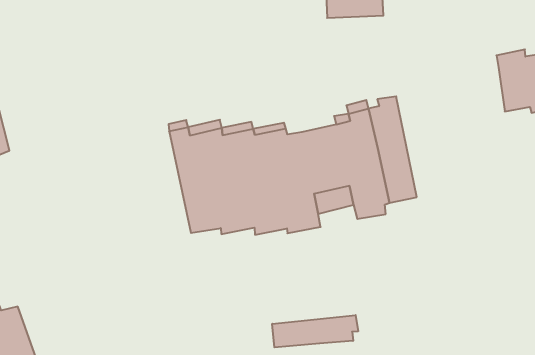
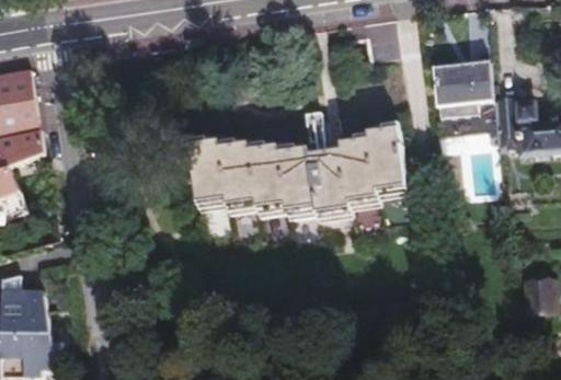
building: none -> [436,58,493,112]
building: [272,315,358,347] -> none

